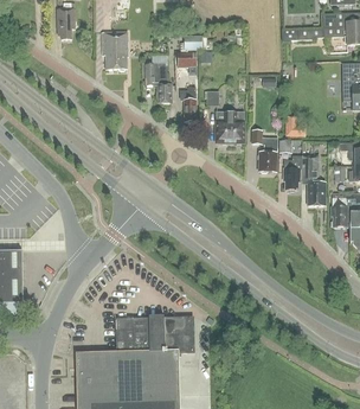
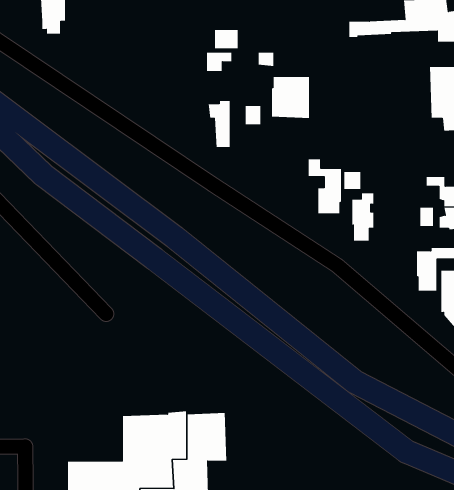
building: [102,31,128,70] -> none
building: [146,63,171,102] -> none
building: [216,111,244,142] -> [271,76,310,118]
building: [302,154,326,205] -> none

